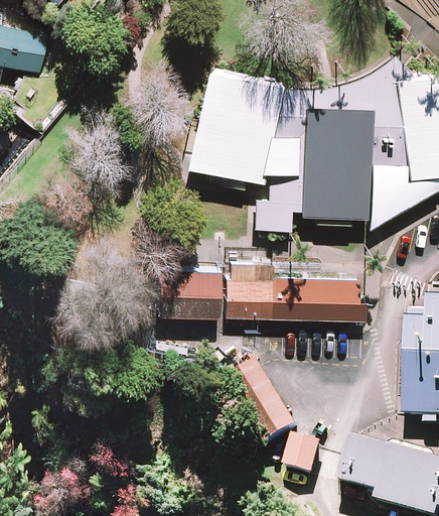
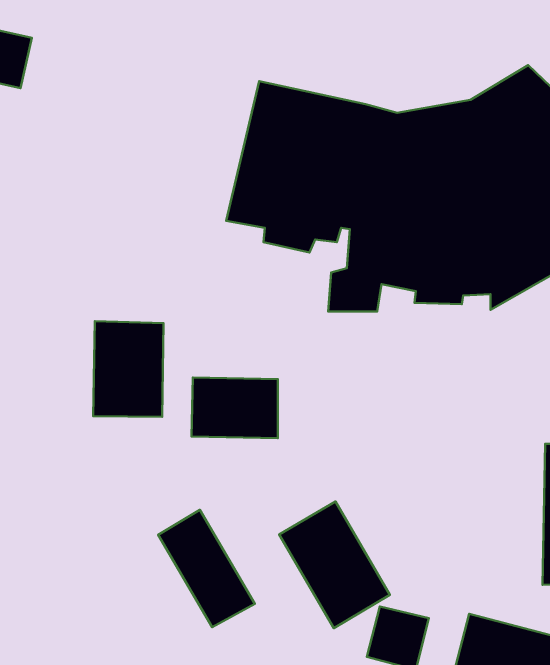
building: none -> [93,321,164,417]
building: [226,264,364,321] -> none
building: none -> [158,510,255,627]

